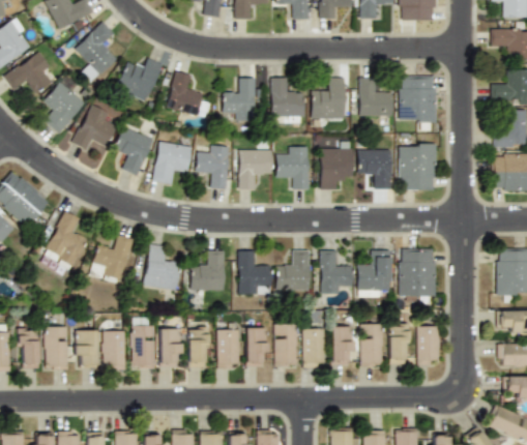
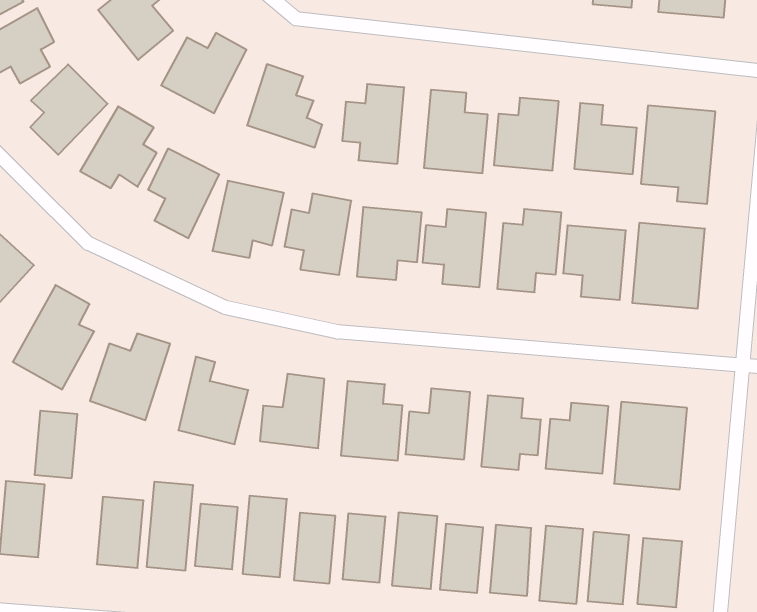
building: [76,329,97,366] -> [34,411,77,478]

